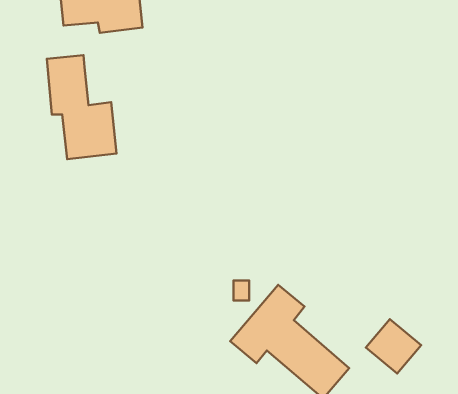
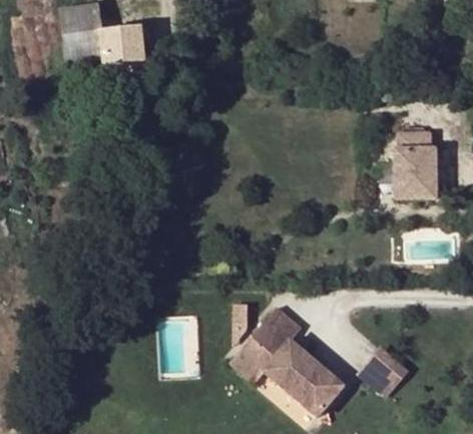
building: [47,55,117,159] -> none
building: none -> [396,135,436,200]

